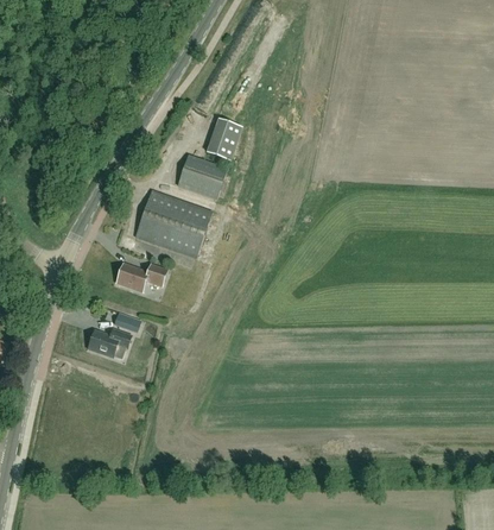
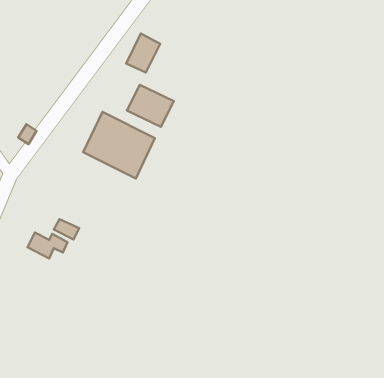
building: [207,118,241,159] -> [126,34,160,73]
building: [116,263,166,291] -> none

